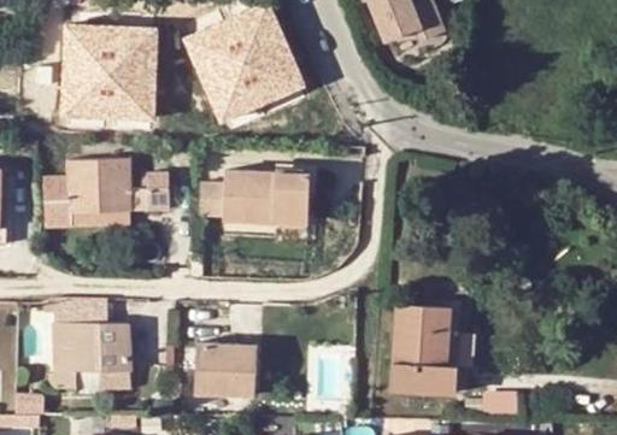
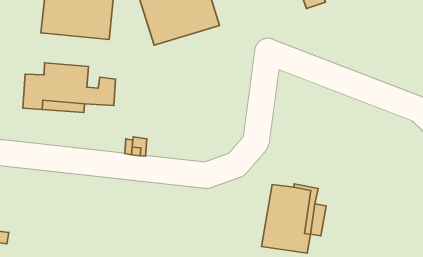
building: [200,170,310,222] -> none
building: [57,300,131,388] -> none
building: [192,342,257,394] -> none

